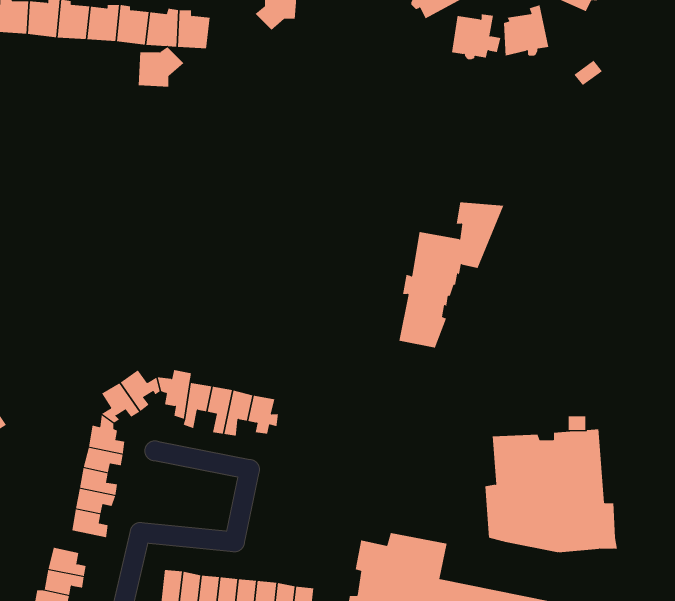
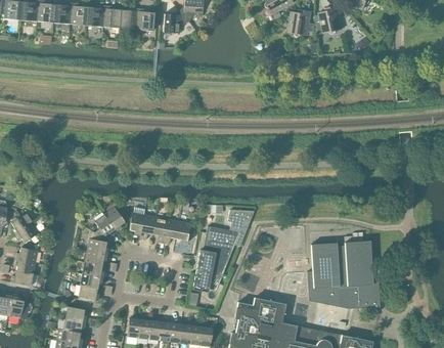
building: [138,46,184,87] -> [164,11,189,34]
building: [399,202,504,348] -> [196,210,255,291]

